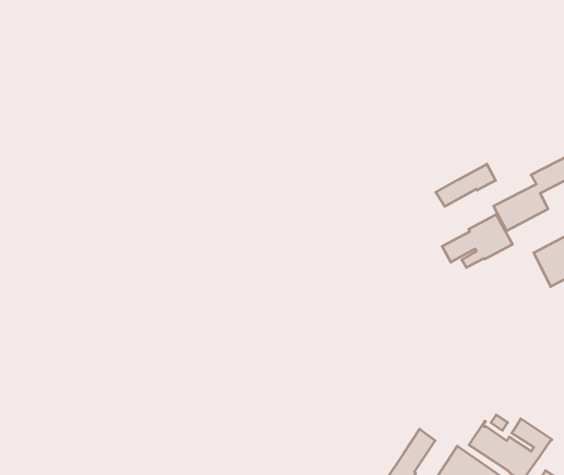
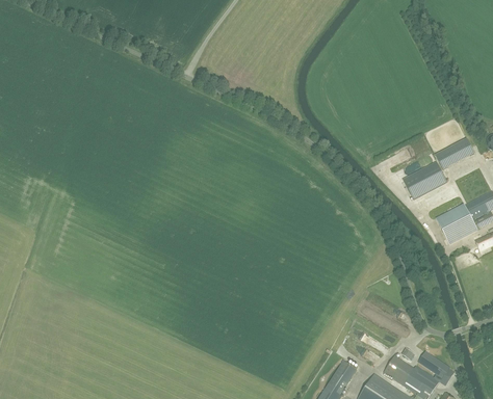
building: [436,164,496,206] -> none
building: [442,215,512,268] -> none

